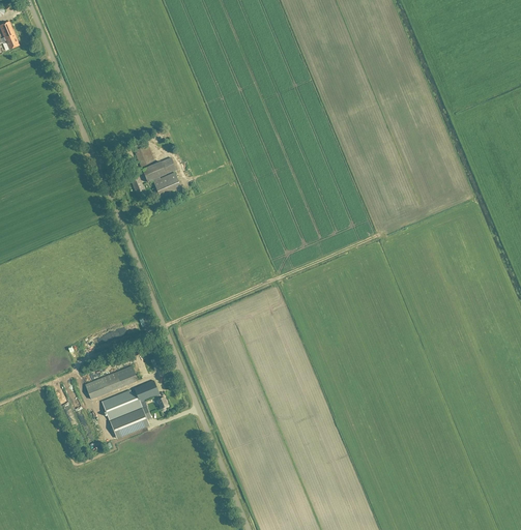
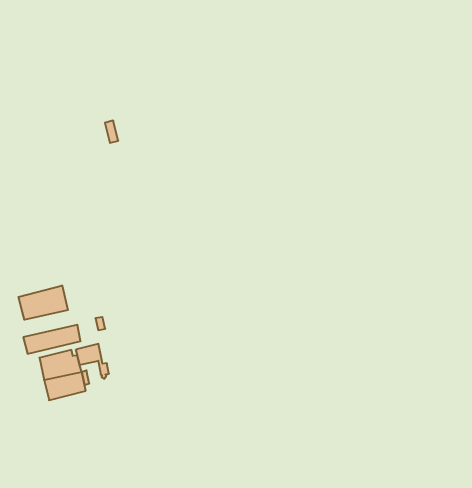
building: [135,144,181,199] -> none
building: none -> [18,285,68,320]

